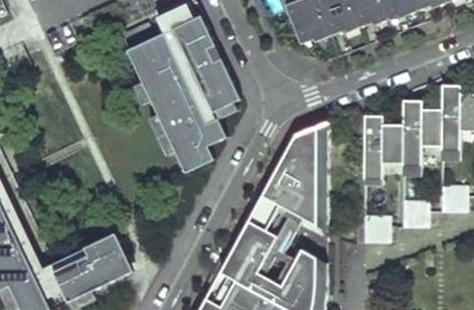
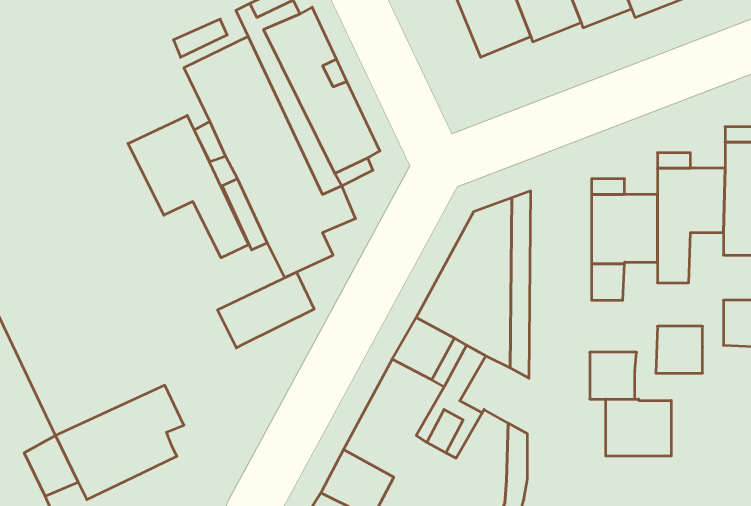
building: none -> [128,115,248,258]
building: none -> [218,272,314,348]
building: none -> [606,399,671,456]

